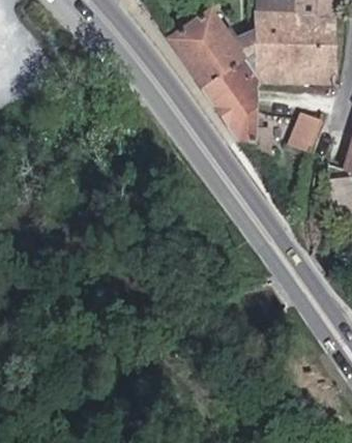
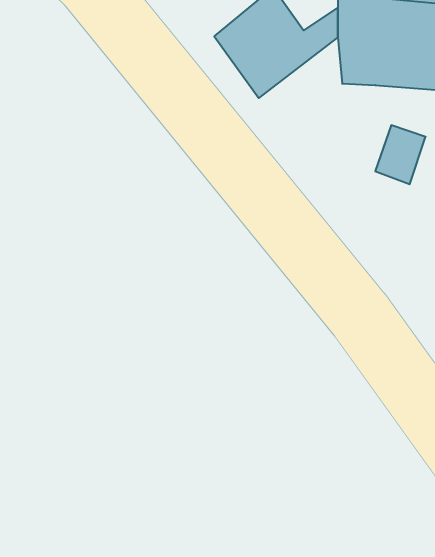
building: [199,39,271,140] -> none

